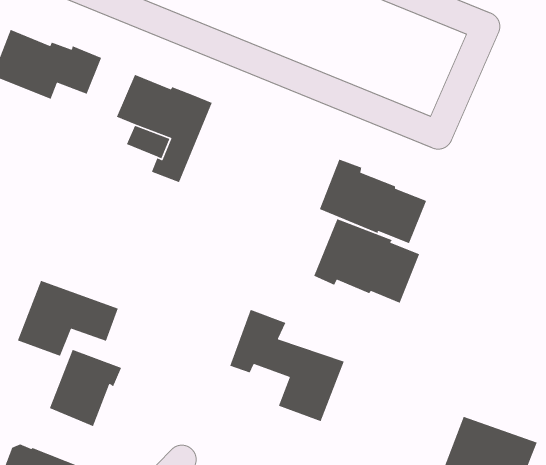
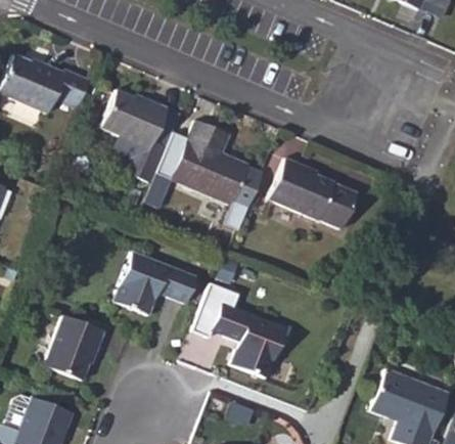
building: none -> [171,122,248,206]
building: [313,218,420,304] -> none
building: [17,280,119,357] -> [115,253,198,316]

